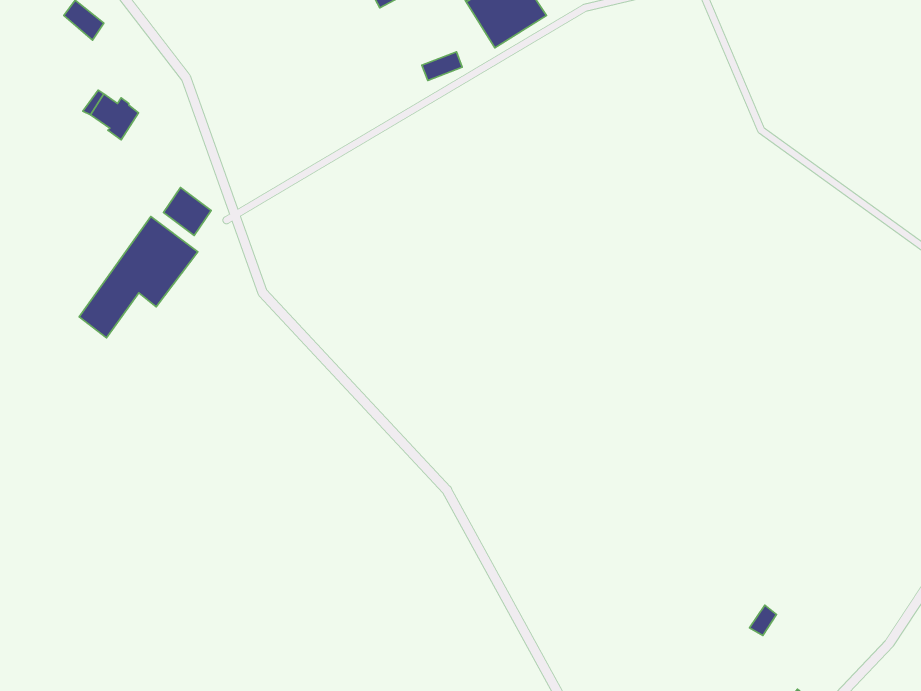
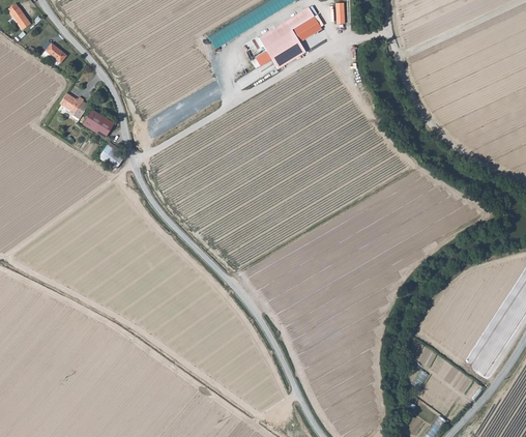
building: none -> [83,109,114,137]
building: [79,217,198,338] -> none

